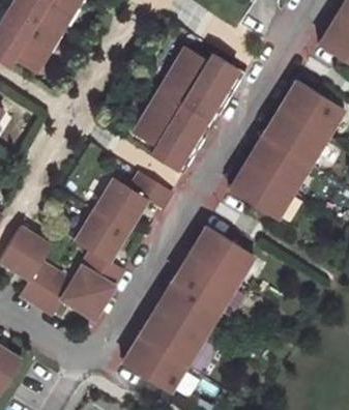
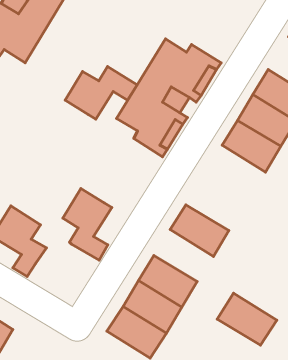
building: [229,162,293,217] -> none
building: [94,172,172,229] -> [65,67,137,119]
building: [173,253,237,309] -> [217,293,277,345]
building: [36,266,114,319] -> none

